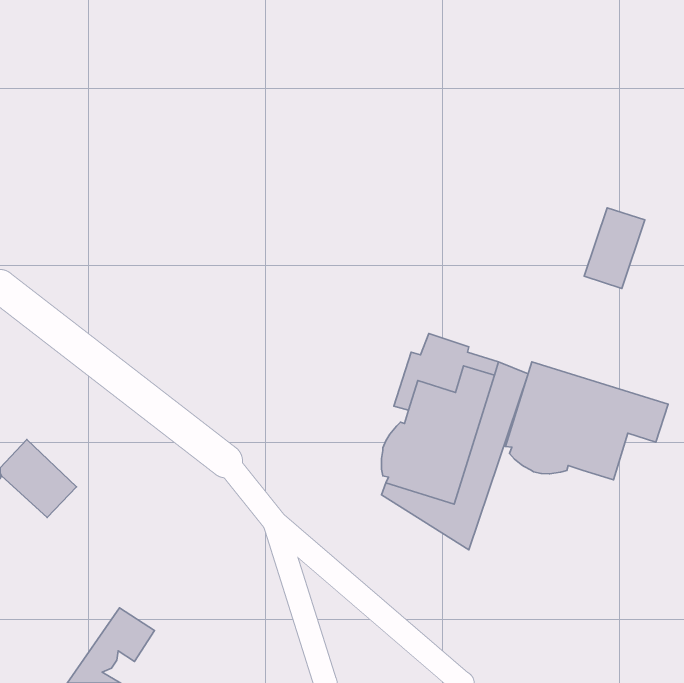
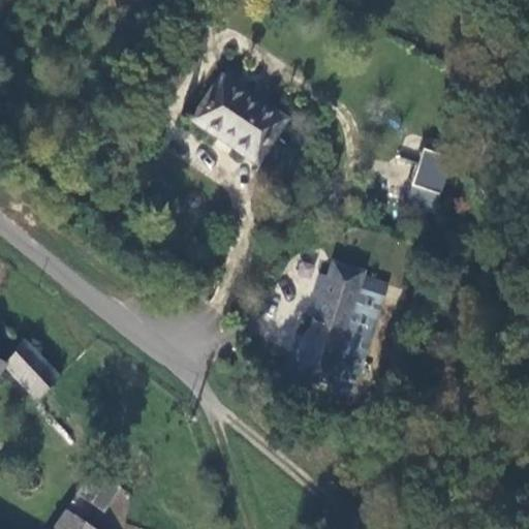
building: none -> [186,76,277,161]
building: [584,208,645,288] -> [408,145,455,207]
building: [506,362,668,480] -> none

